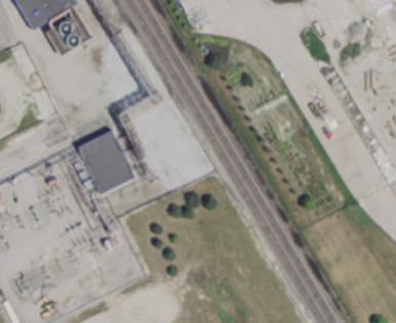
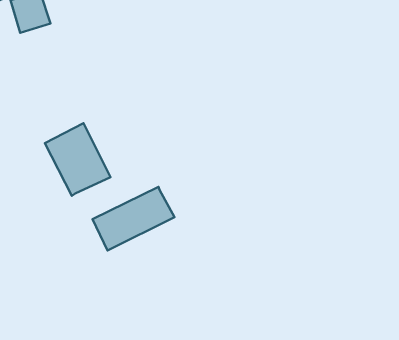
building: none -> [92,187,174,251]

